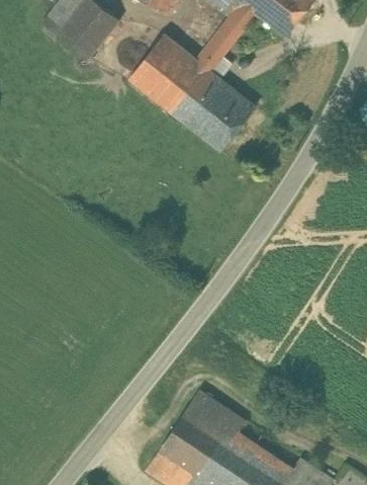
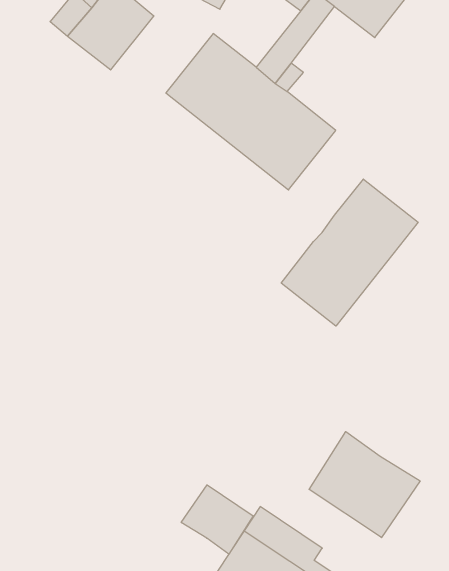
building: none -> [281,179,418,326]
building: none -> [309,432,420,538]
building: none -> [181,485,253,554]

